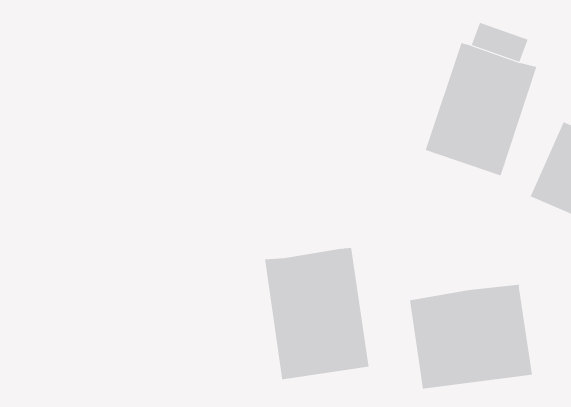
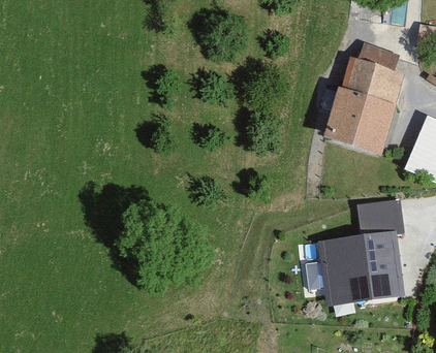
building: none -> [355,197,404,234]
building: [265,247,369,380] -> none

